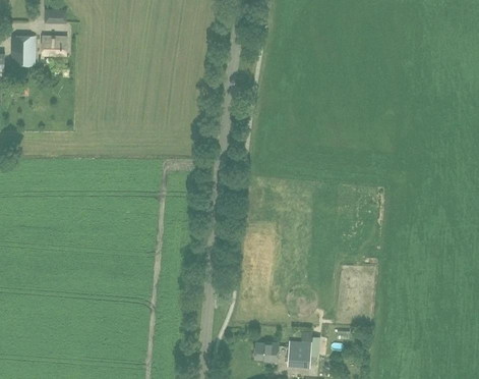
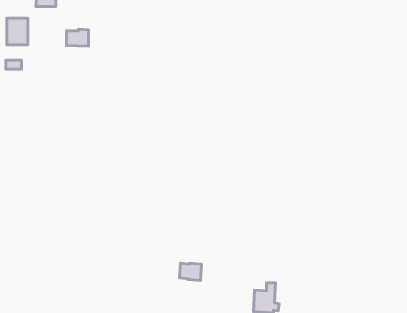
building: [43,36,67,55] -> [67,29,88,46]
building: [254,341,279,361] -> [180,263,201,281]

